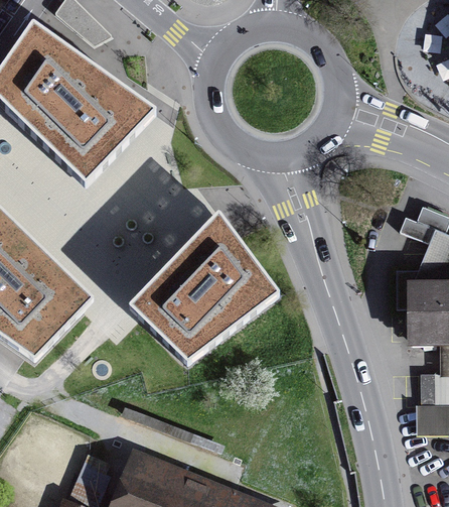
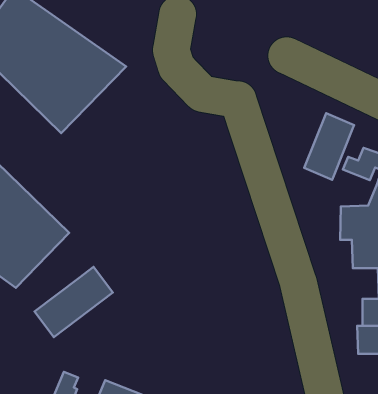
building: none -> [304,113,354,180]
building: [129,211,280,362] -> none
building: none -> [34,267,113,337]

